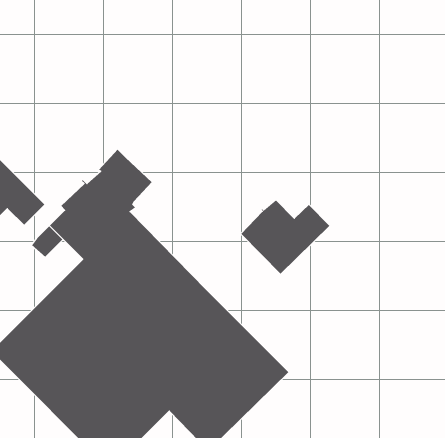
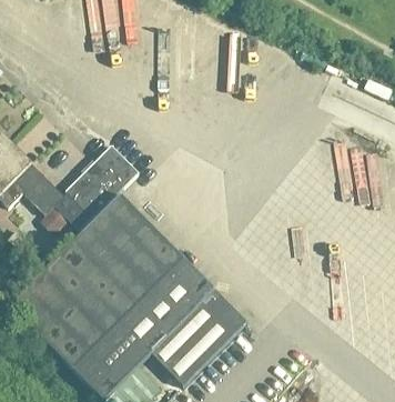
building: [241,199,330,274] -> none

